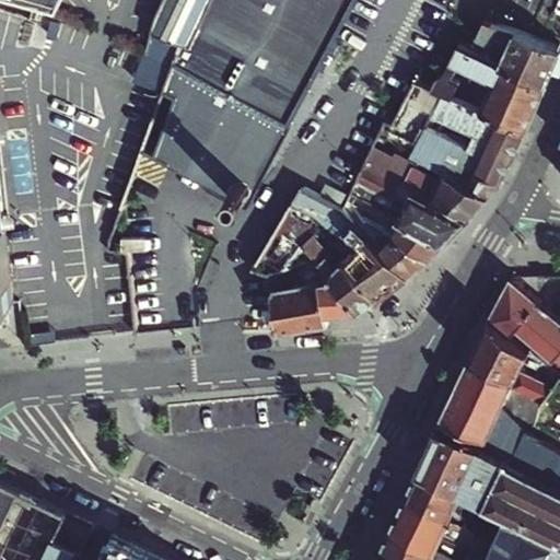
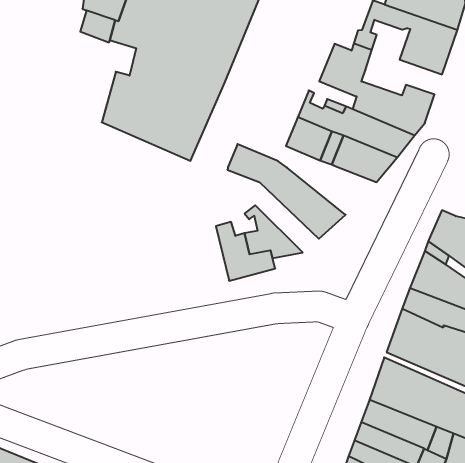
building: [161,66,199,105] -> none
building: [441,101,522,154] -> none
building: [256,214,375,310] -> none
building: [348,214,442,273] -> none

